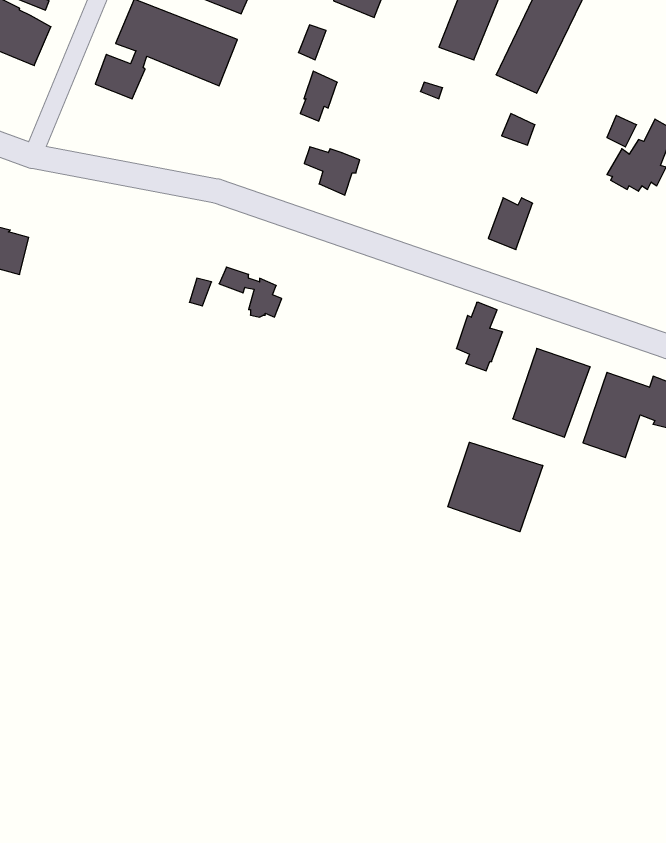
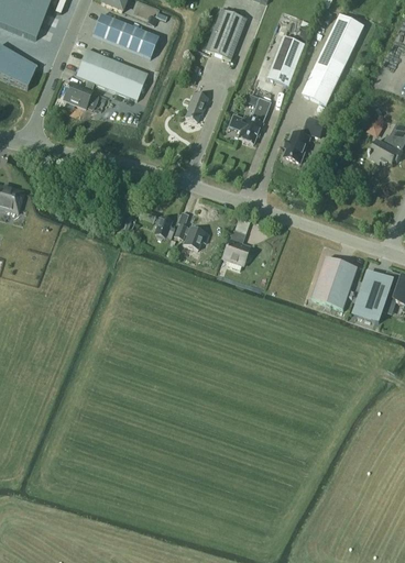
building: [304,147,360,195] -> [229,114,262,143]
building: [488,198,533,250] -> [284,131,310,162]
building: none -> [174,212,209,249]
building: [456,302,503,371] -> [221,229,249,269]
building: [448,442,543,532] -> none

